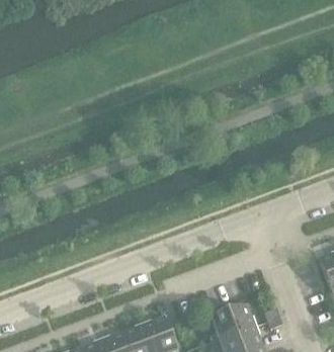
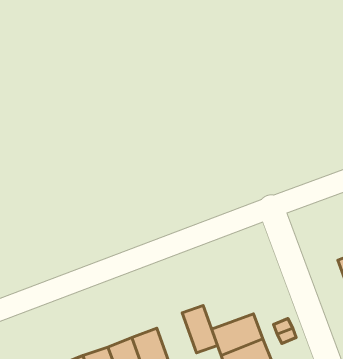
building: none -> [182,306,217,353]

